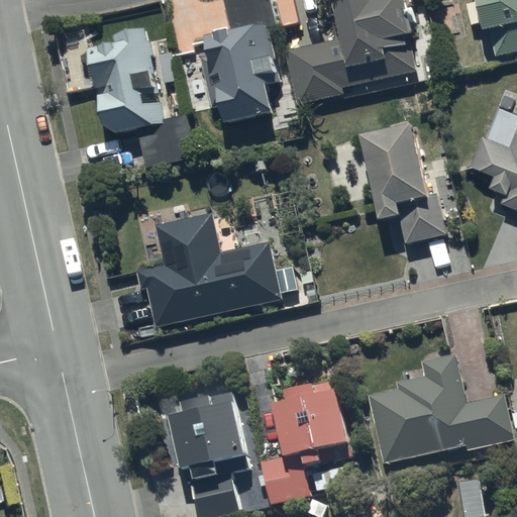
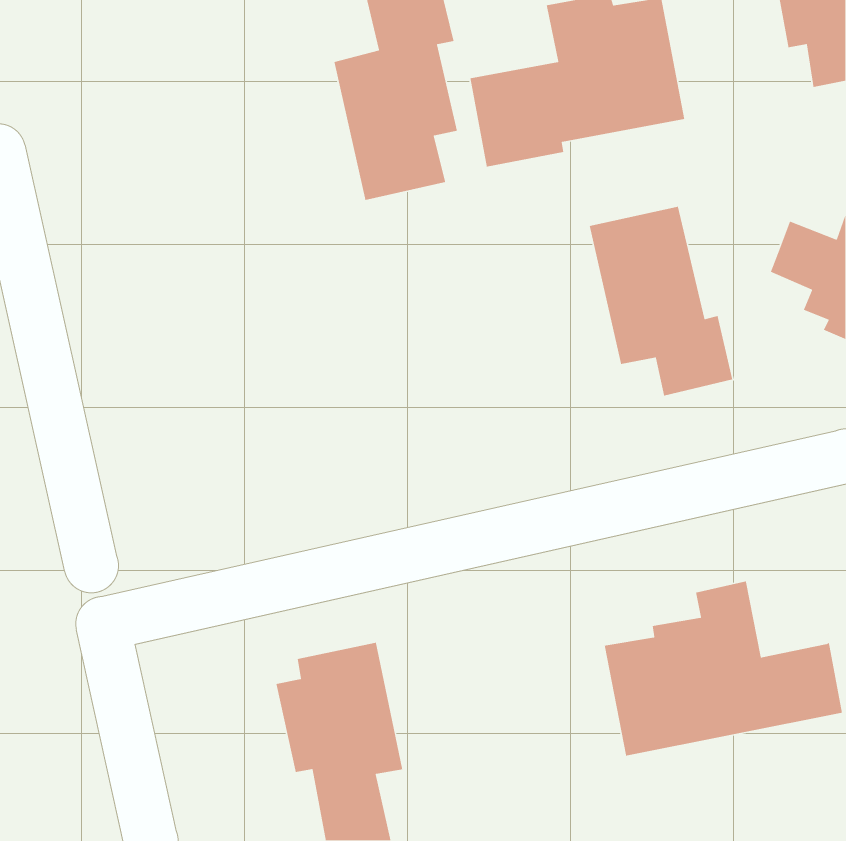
building: [84,23,198,168] -> none
building: [136,211,282,327] -> none
building: [258,381,349,503] -> none

